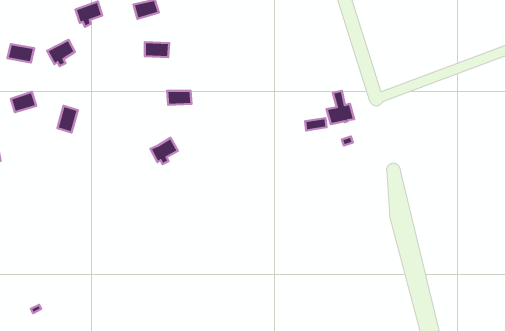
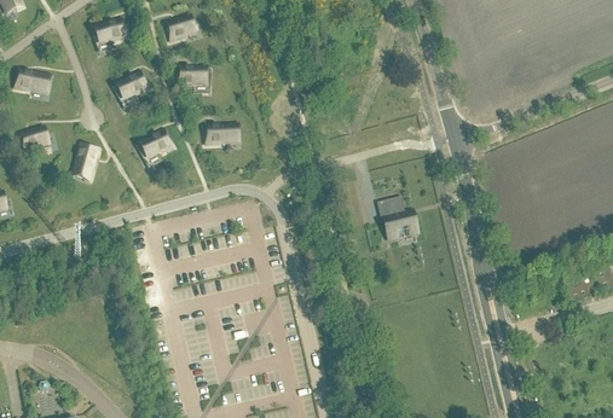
building: [47,40,75,66] -> [116,72,149,104]
building: [327,91,354,124] -> [383,197,416,237]
building: [150,138,178,164] -> [140,130,173,162]

